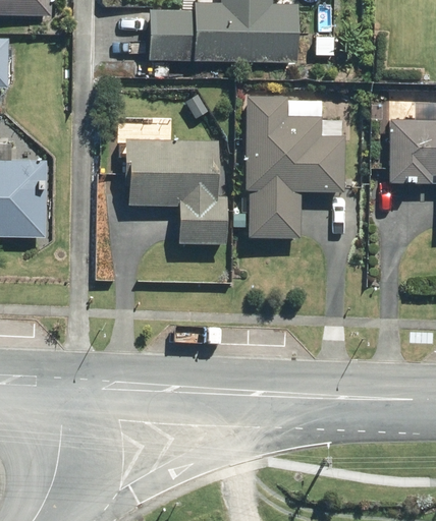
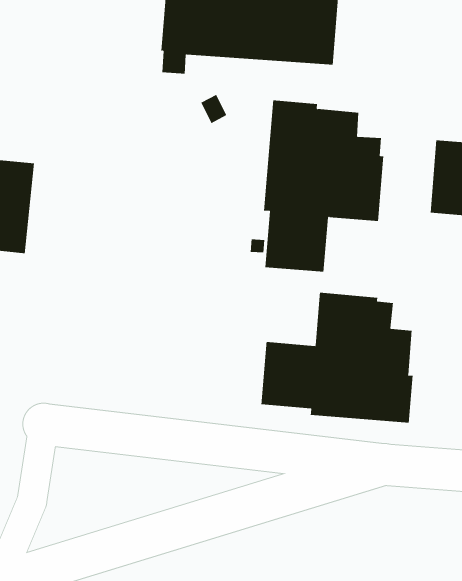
building: [125,139,227,243] -> none
building: none -> [261,292,413,424]

